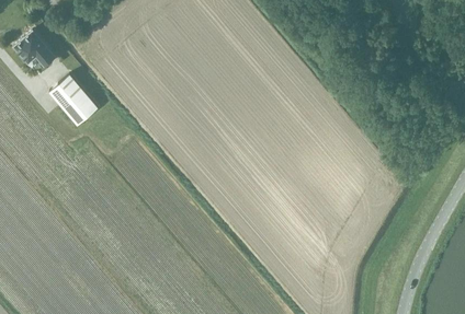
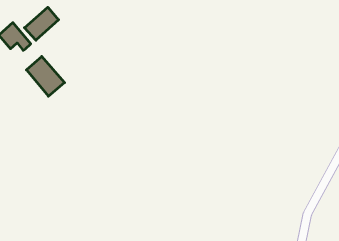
building: none -> [24,7,59,40]

